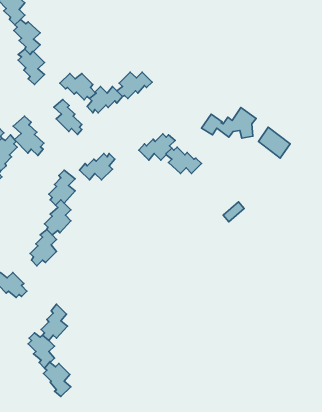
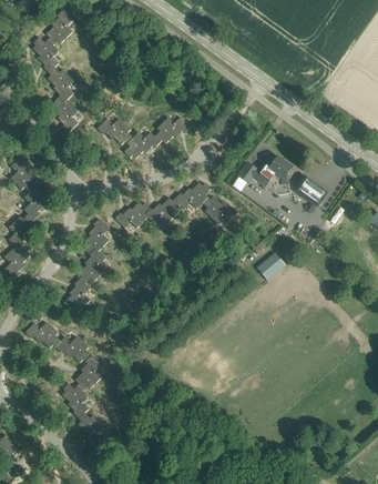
building: [54,100,82,134] -> none
building: [13,116,44,155] -> none
building: none -> [144,196,180,223]
building: none -> [55,334,91,361]

